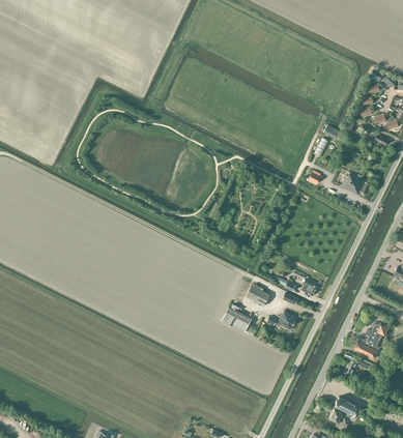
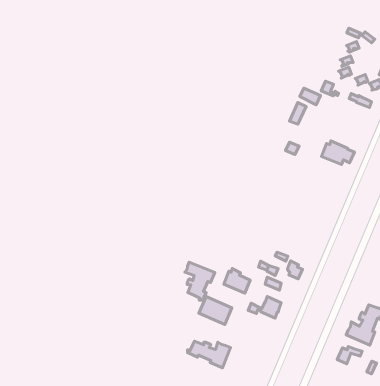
building: none -> [185,262,215,301]
building: none -> [187,341,230,368]

